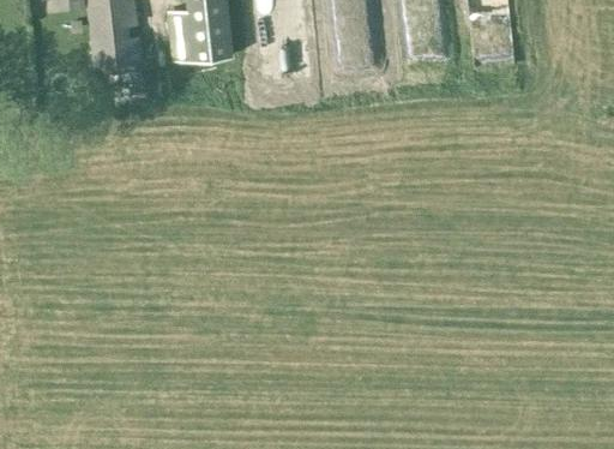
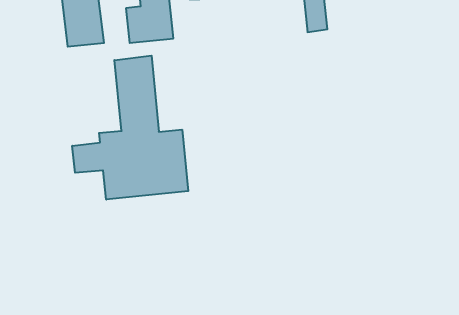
building: none -> [72,56,188,200]

